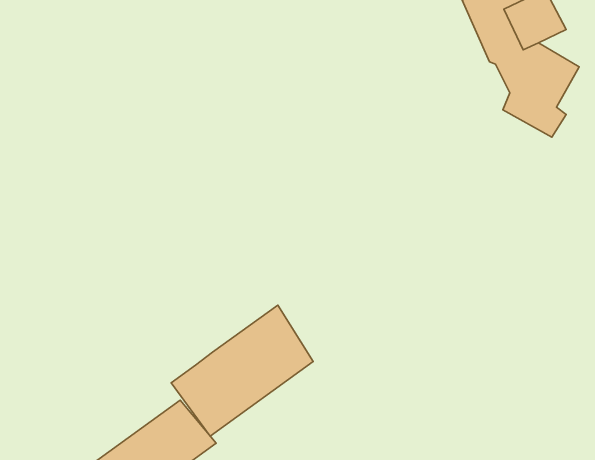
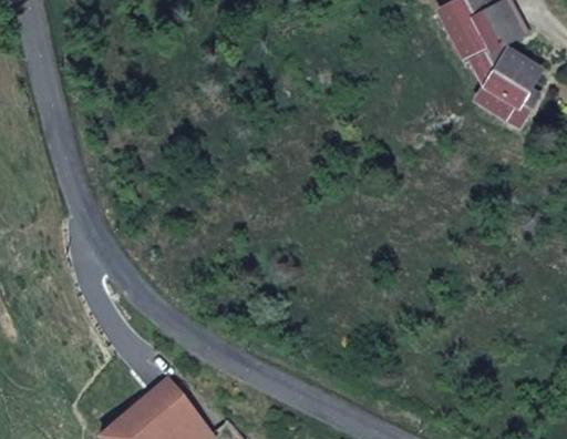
building: [171,305,313,436] -> none

